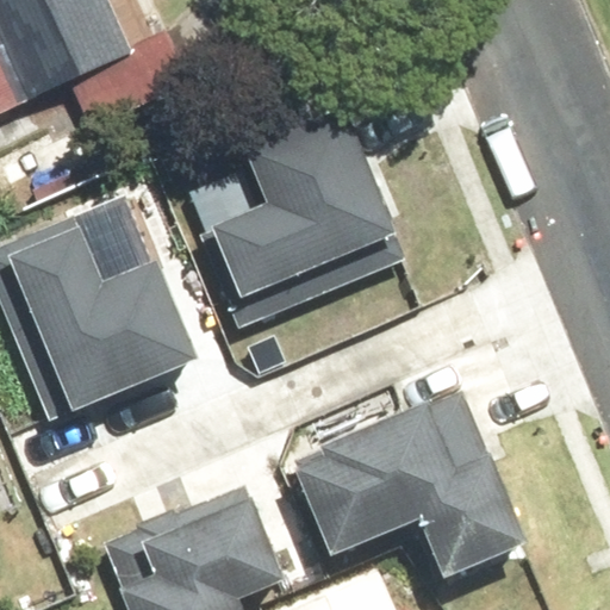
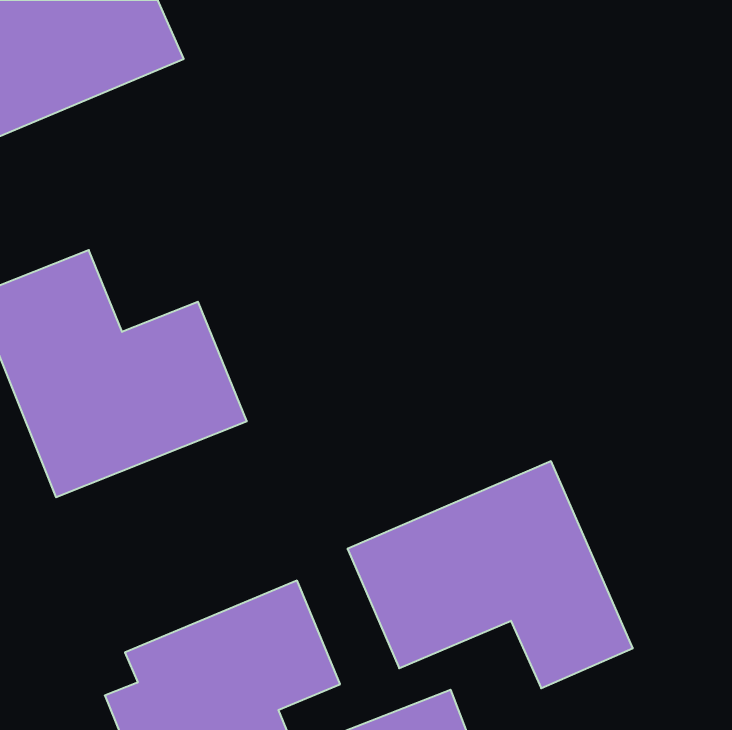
building: [211,99,409,329] -> none

